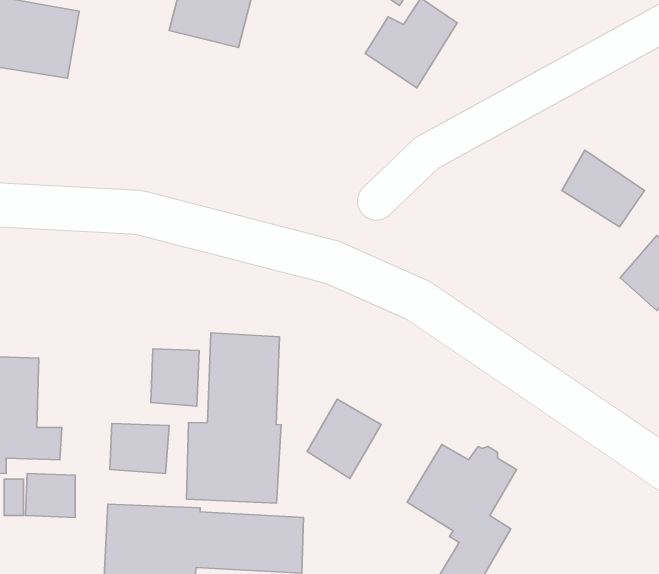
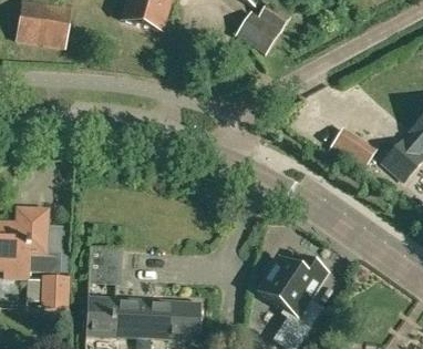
building: [562,150,644,227] -> [329,127,376,172]
building: [187,333,281,503] -> none
building: [151,349,199,406] -> none
building: [307,399,381,479] -> none

